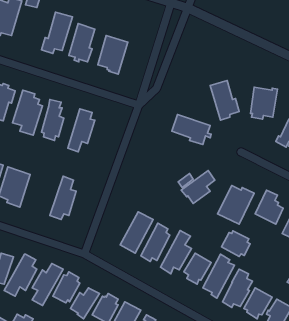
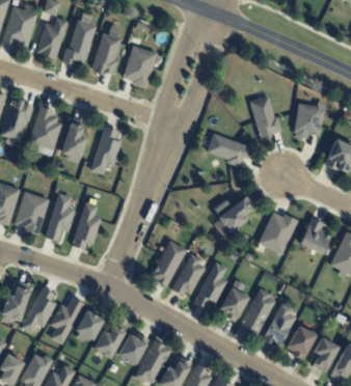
building: none -> [35,17,68,58]
building: none -> [44,193,75,242]
building: [221,231,250,256] -> none

